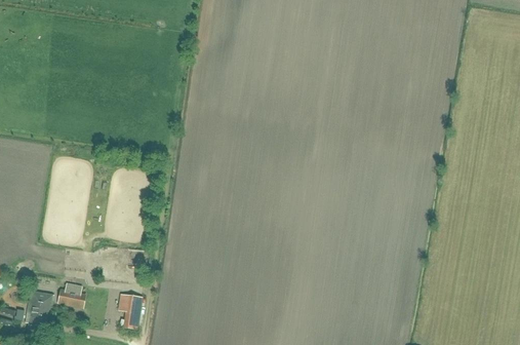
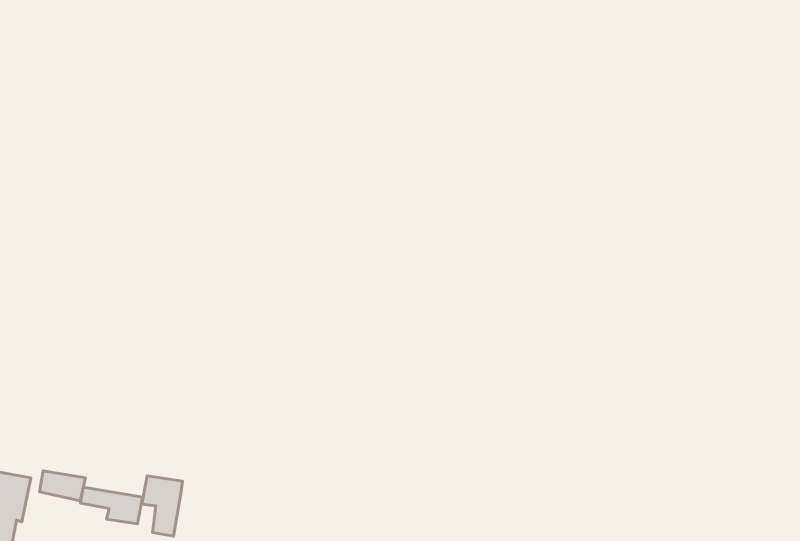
building: none -> [81,487,143,524]

